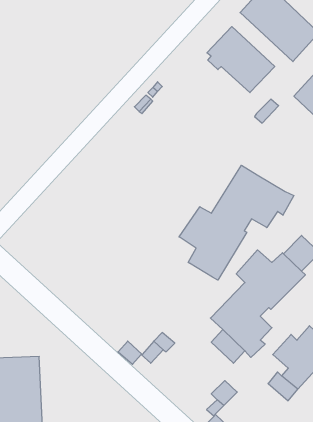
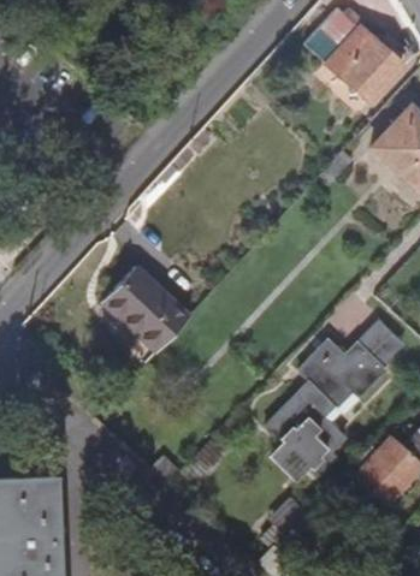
building: [207,27,275,93] -> none
building: [179,165,294,280] -> none
building: none -> [102,266,190,352]

